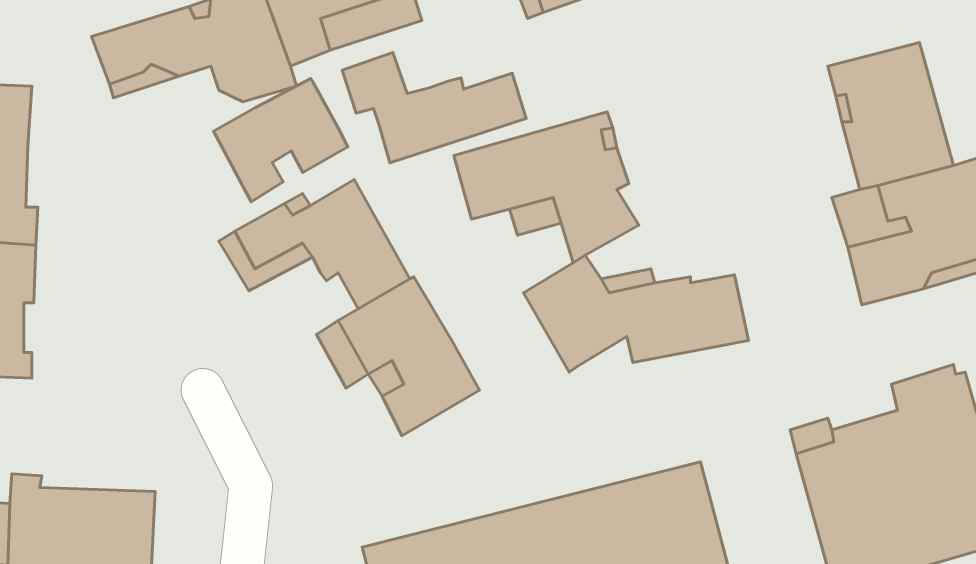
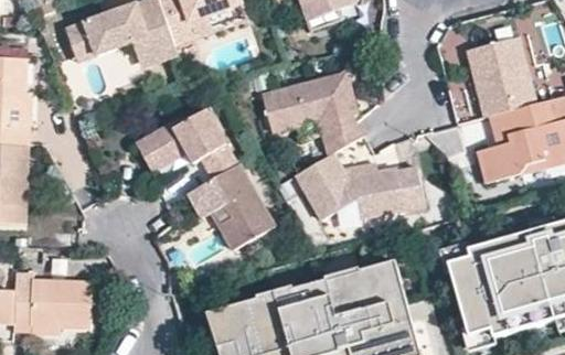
building: [342,53,526,163] -> none
building: [214,79,348,202] -> none

